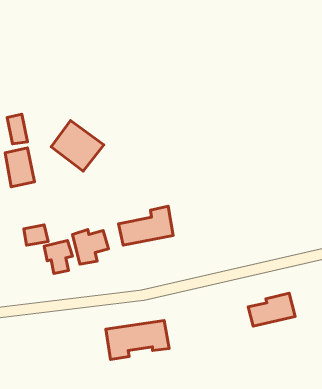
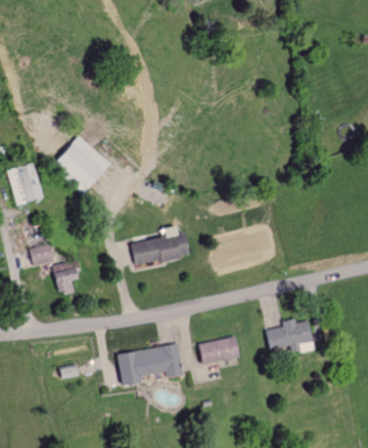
building: [7,114,28,144] -> none
building: [72,230,109,264] -> none
building: none -> [197,337,239,365]

